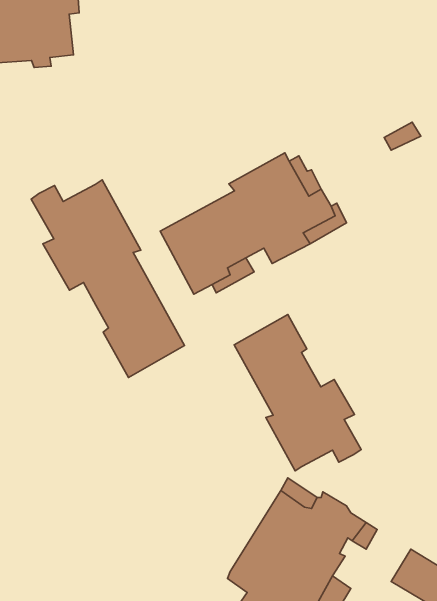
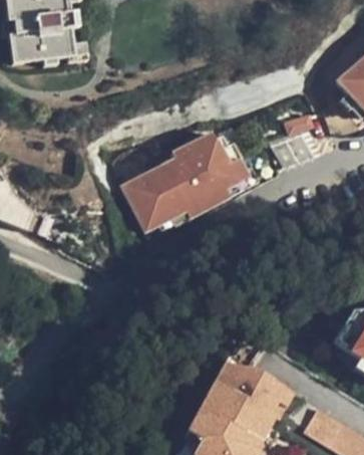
building: [31,180,184,378] -> none
building: [234,314,361,471] -> none

